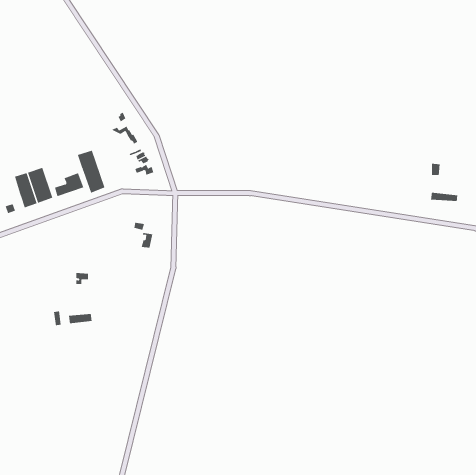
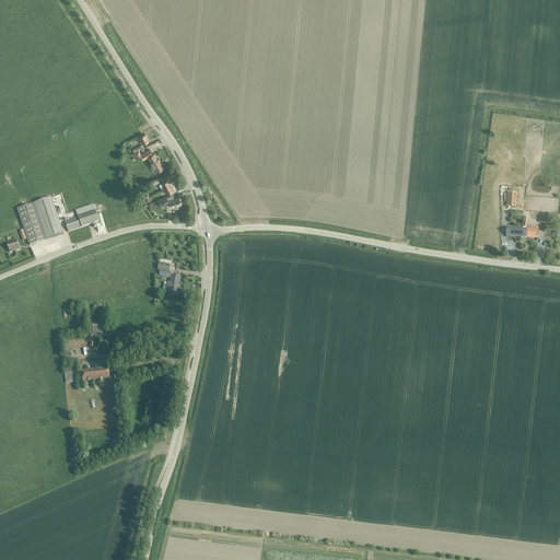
building: [77,150,105,194] -> none

